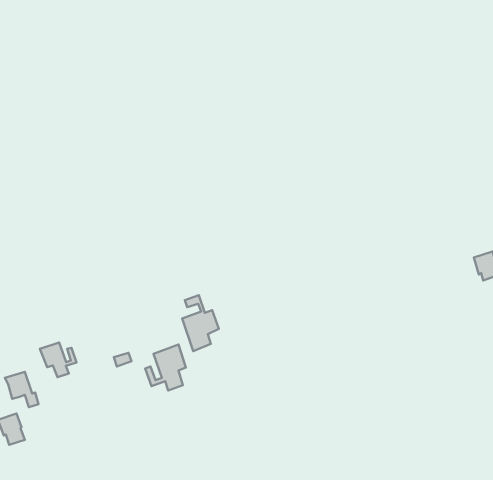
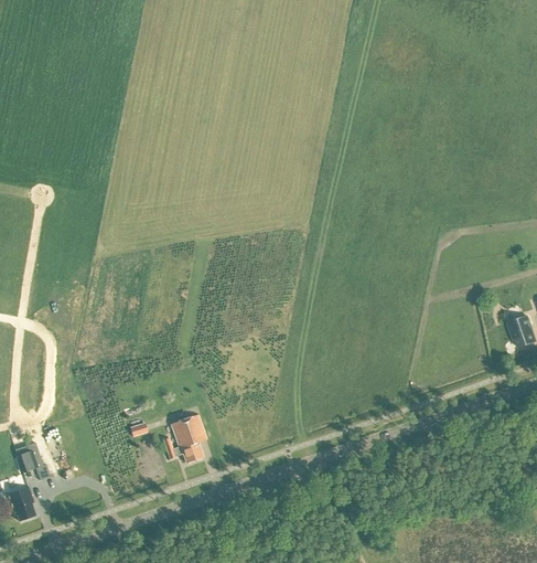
building: [182,295,219,351] -> none
building: [40,342,77,377] -> none

